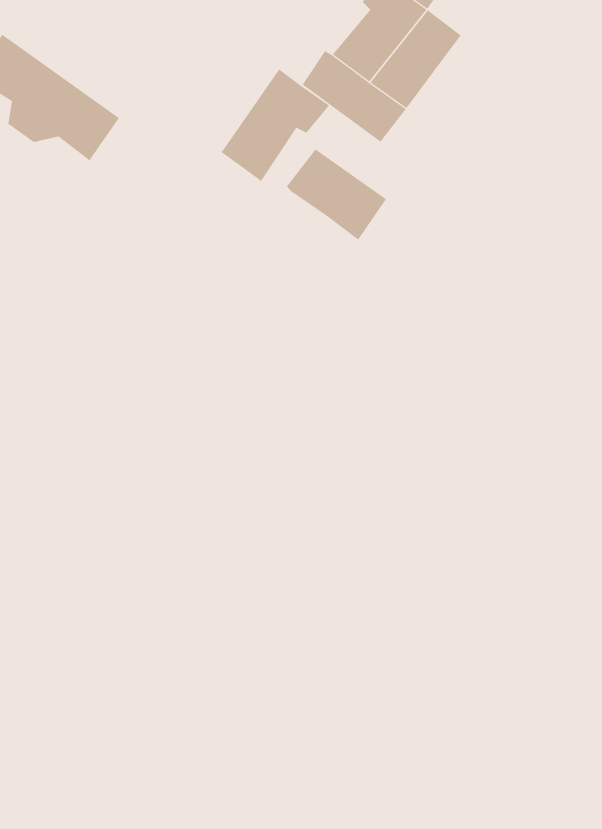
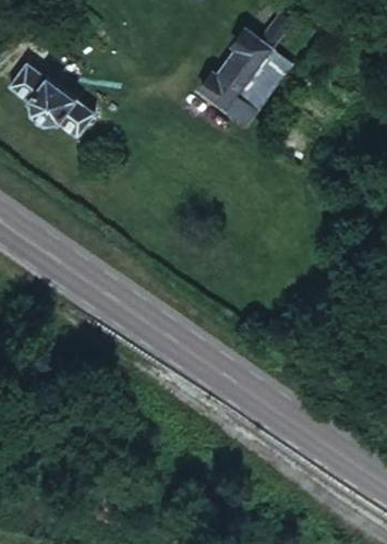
building: [221,68,330,182] -> none
building: [286,148,387,241] -> none

